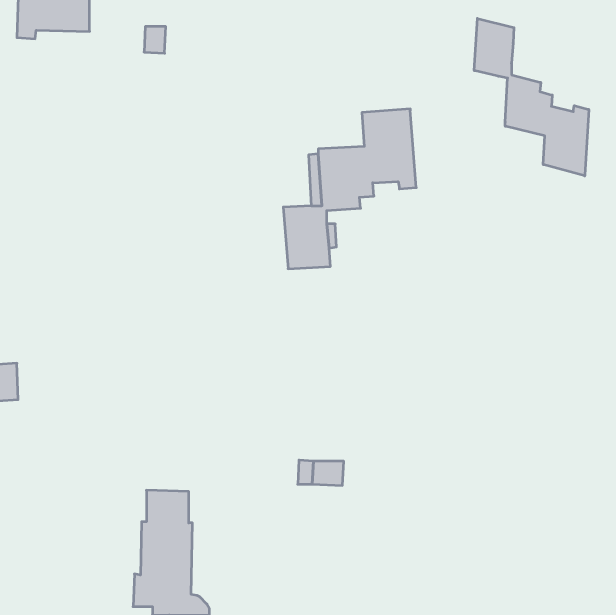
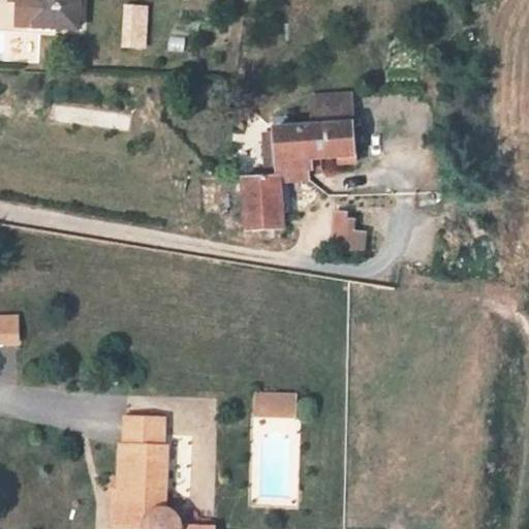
building: [474,18,589,176] -> none
building: none -> [331,211,365,252]

